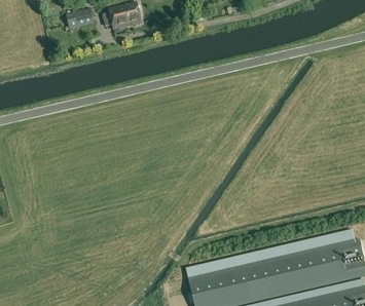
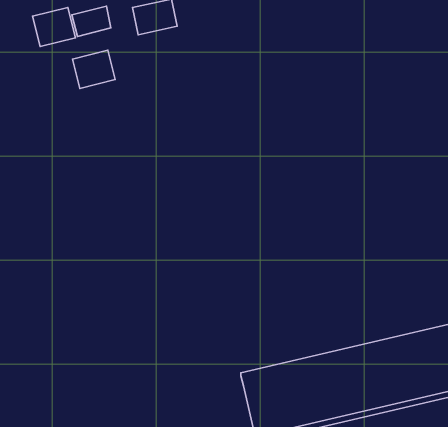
building: none -> [32,7,76,47]
building: none -> [73,50,115,89]

